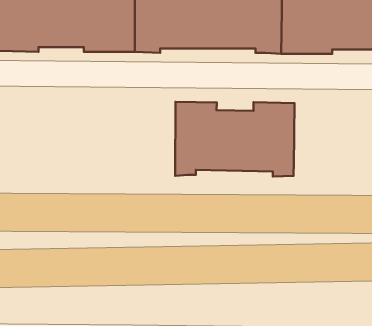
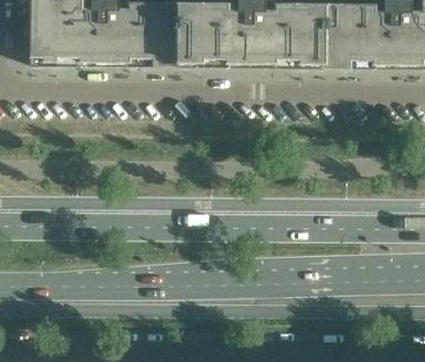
building: [175,102,295,177] -> none

